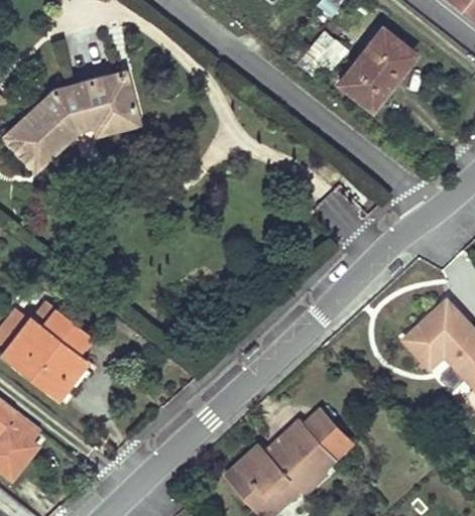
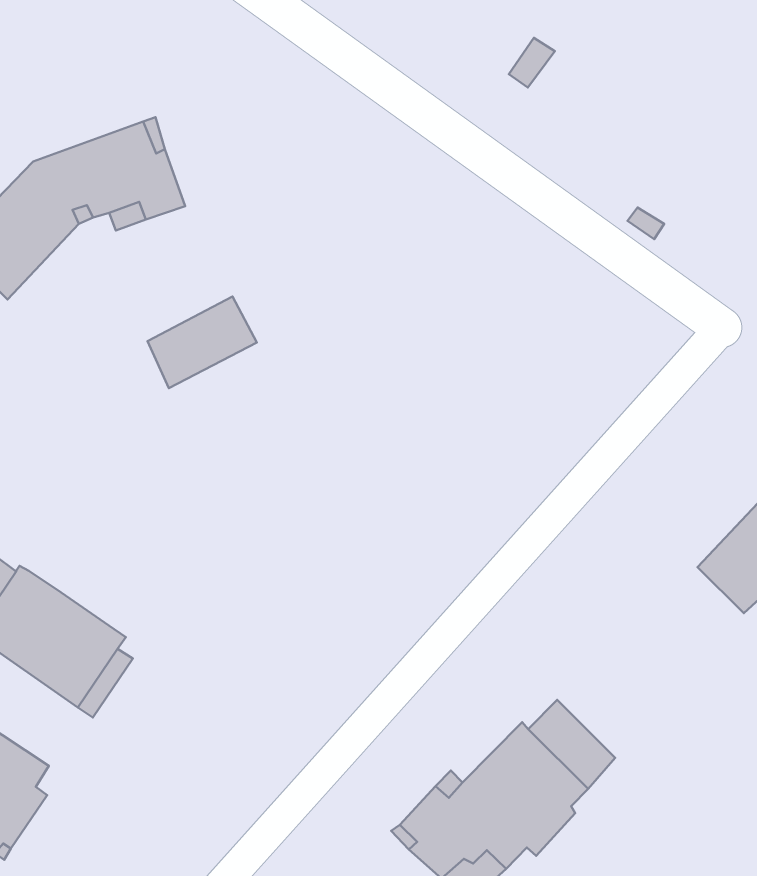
building: [338,29,410,107] -> none
building: none -> [148,296,257,388]
building: [33,302,90,353] -> none

